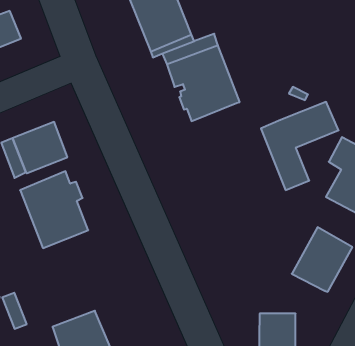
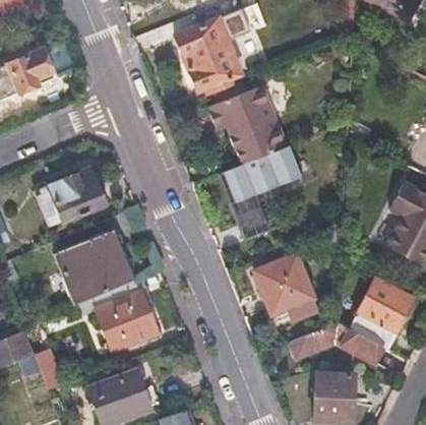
building: [261,102,339,190] -> [219,145,302,240]
building: none -> [253,254,317,322]
building: none -> [78,279,159,344]
building: none -> [290,322,383,365]

